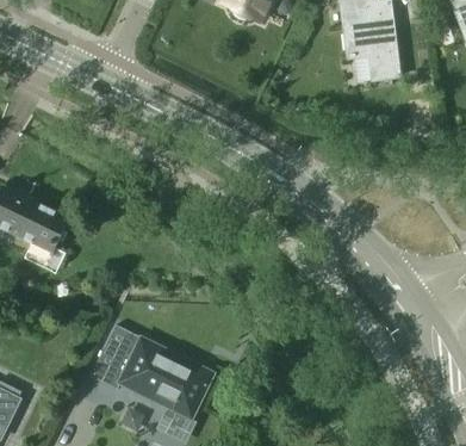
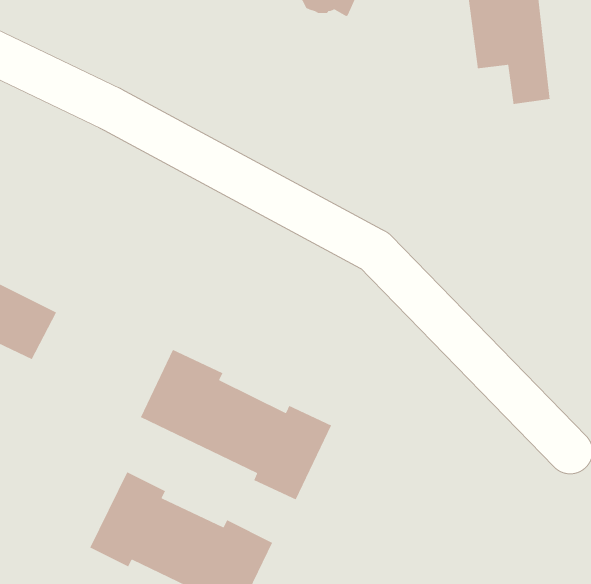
building: none -> [140,349,332,501]

